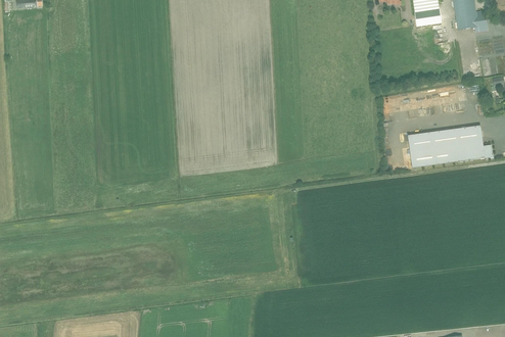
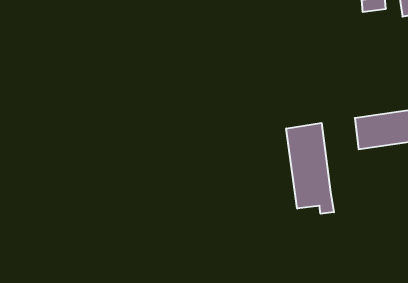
building: none -> [286,123,334,214]

